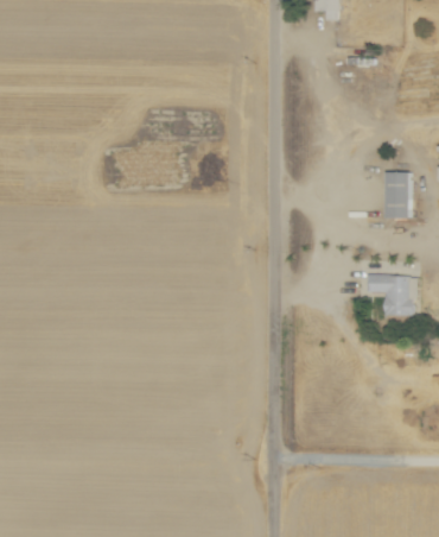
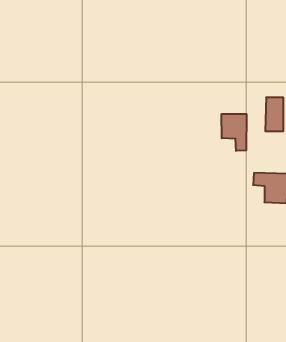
building: none -> [222,114,246,151]

